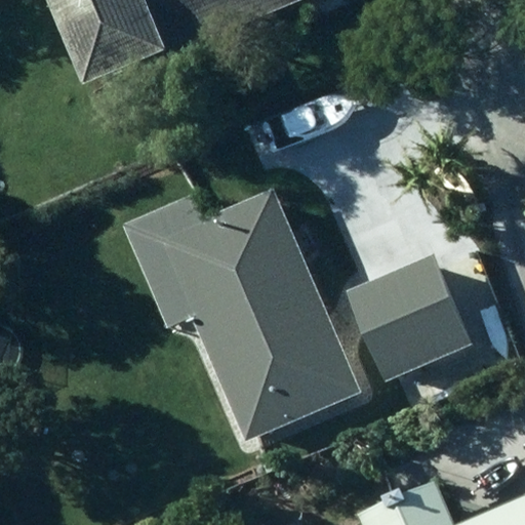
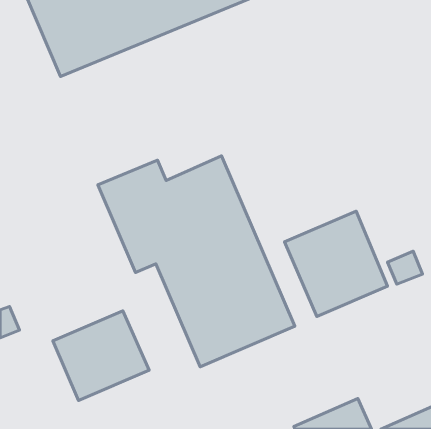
building: none -> [53,311,149,401]

